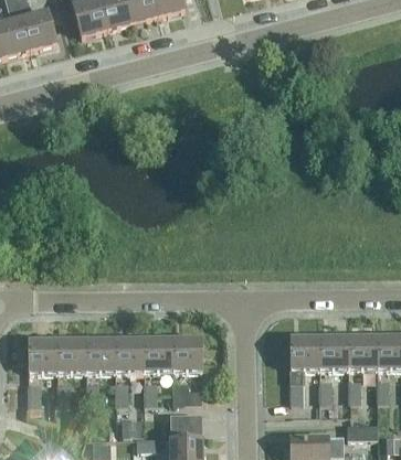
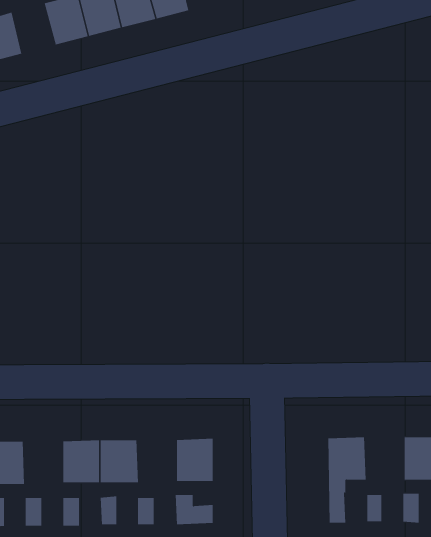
building: [318,336,348,370] -> none
building: [144,339,173,372] -> none
building: [56,340,86,373] -> none

